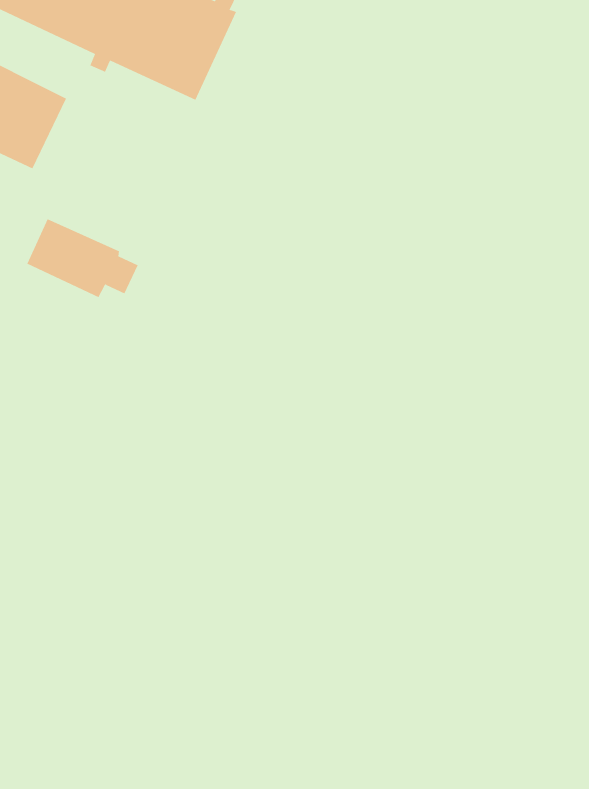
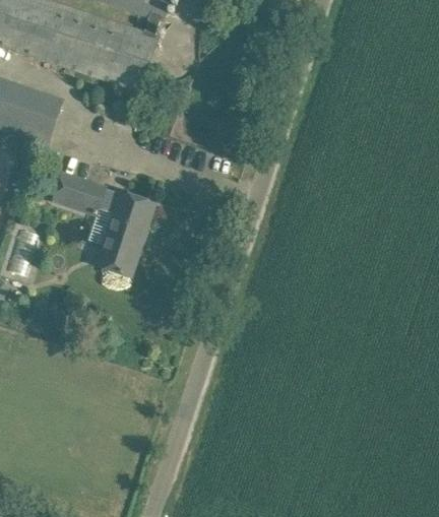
building: none -> [96,189,155,274]

